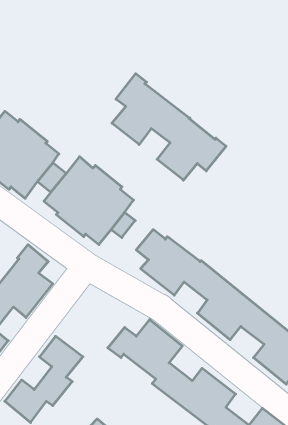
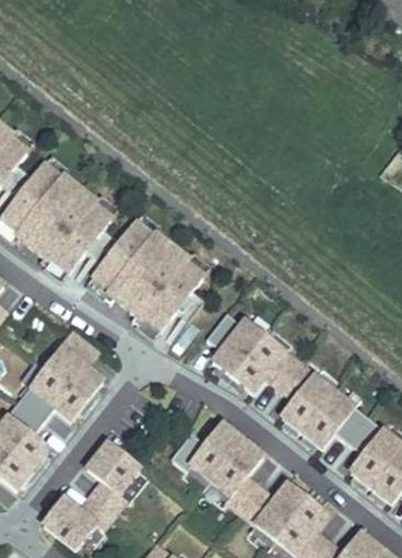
building: [112,74,226,180] -> none

